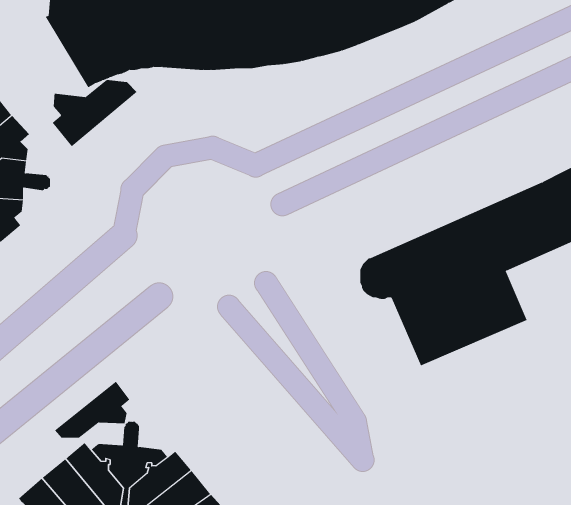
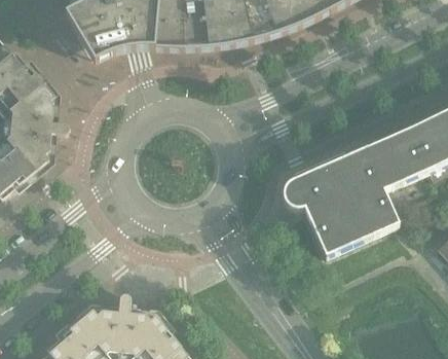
building: [52,79,138,147] -> none
building: [54,381,130,439] -> none

